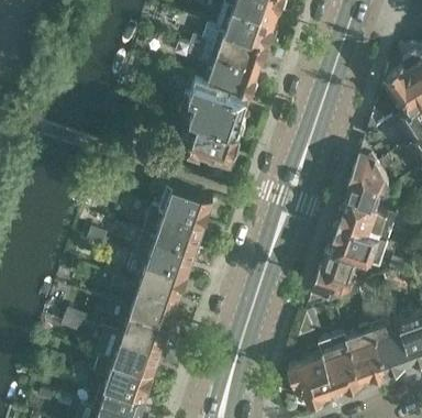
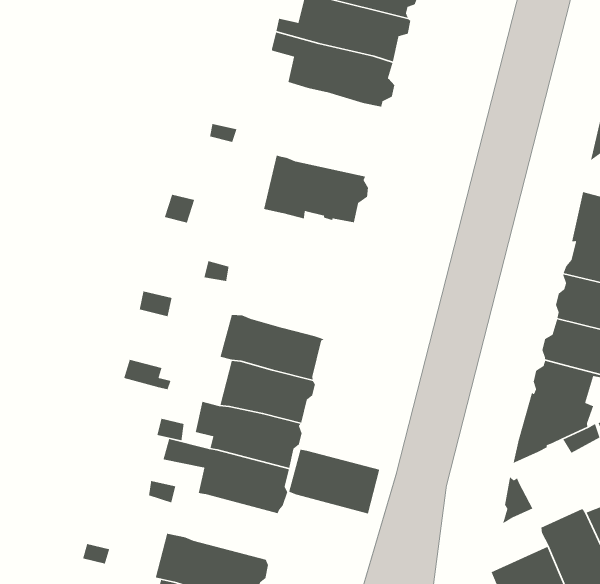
building: [178,76,247,133] -> none
building: [159,184,213,224] -> none
building: [116,307,170,348] -> [288,449,380,514]

